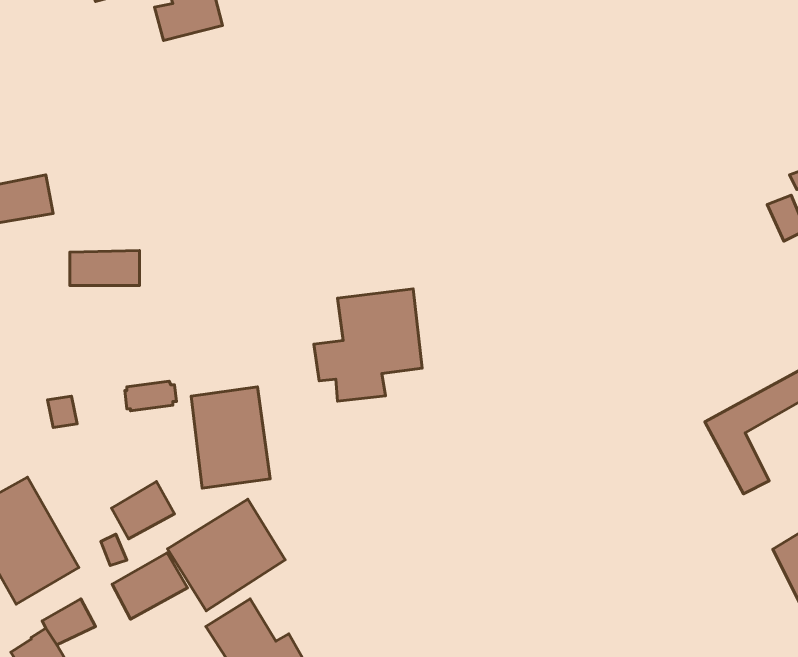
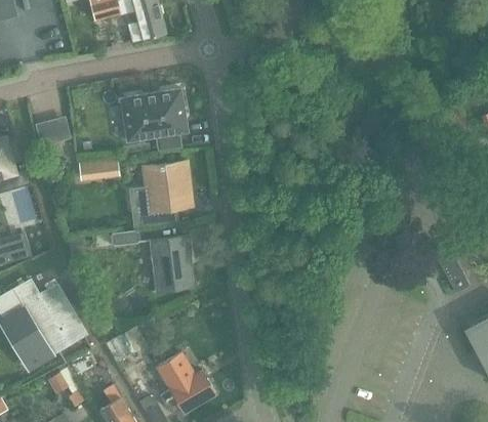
building: none -> [121,91,188,153]
building: [314,289,422,401] -> [130,162,191,224]
building: [112,482,174,539] -> none
building: [168,499,285,611] -> none

